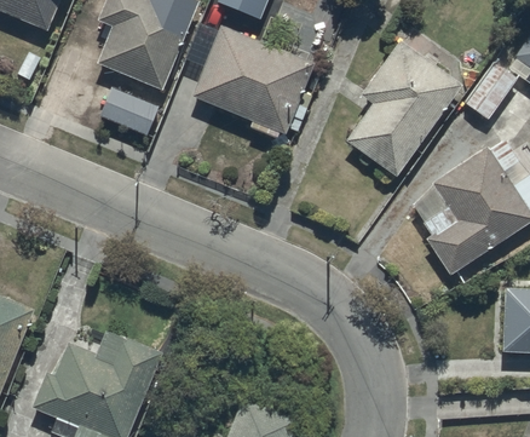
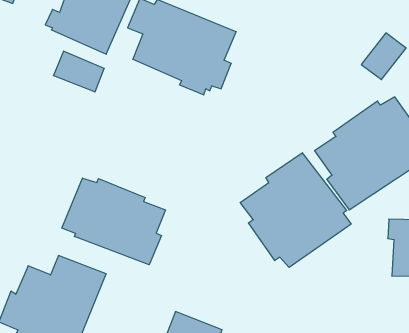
building: [344,39,460,174] -> none
building: none -> [240,153,351,267]
building: none -> [62,178,166,265]

